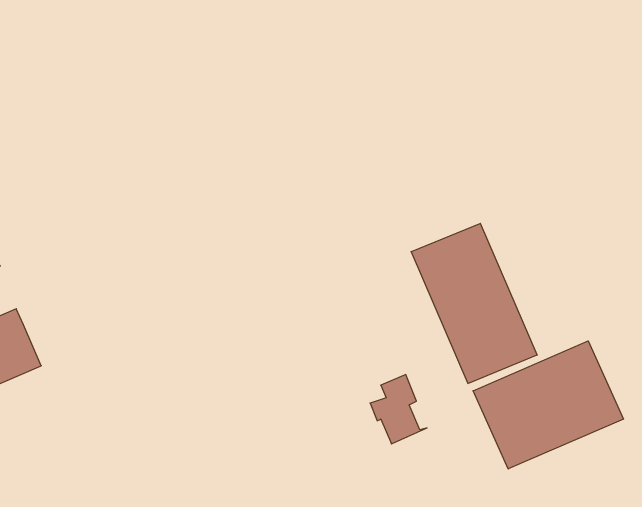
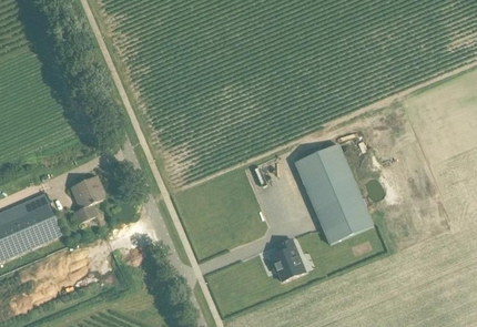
building: none -> [70,175,101,222]
building: [473,341,623,469] -> none

